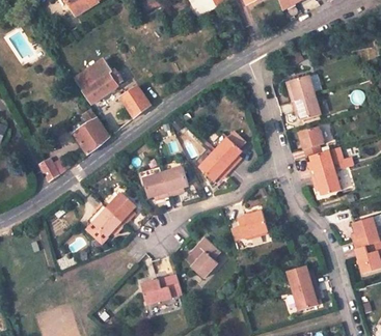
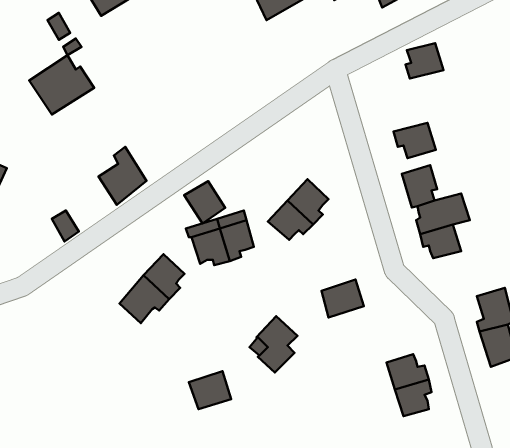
building: [76,58,124,102] -> [29,55,94,114]
building: [287,74,315,100] -> [405,43,444,78]
building: [119,86,149,117] -> [184,181,225,223]

